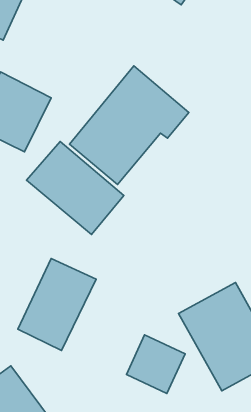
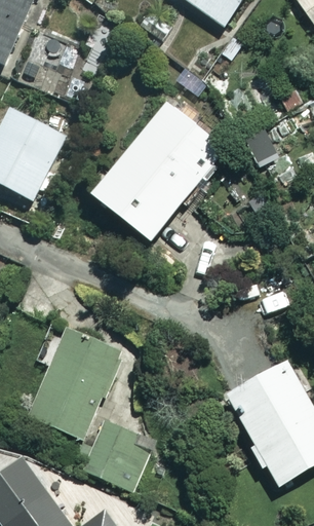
building: [26,141,124,235] -> none
building: [126,335,185,393] -> [85,421,155,491]

